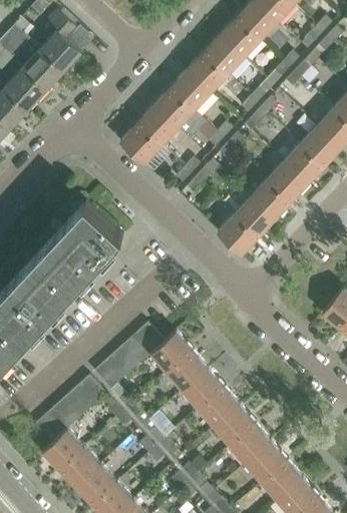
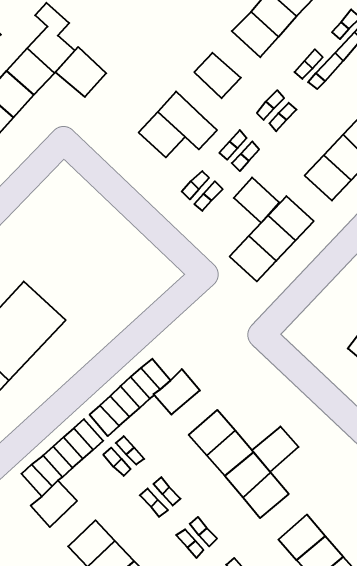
building: [203,34,245,75] -> none
building: none -> [55,47,106,97]
building: [170,70,211,110] -> none
building: [120,123,161,164] -> none
building: [268,161,308,201] -> [234,177,279,223]
building: [36,201,123,289] -> none
building: [166,351,207,390] -> none
building: [245,442,286,482] -> [252,426,299,472]
building: [59,448,99,488] -> none

